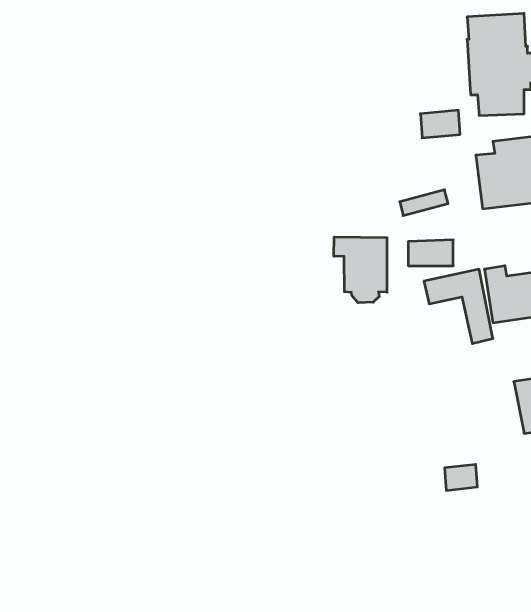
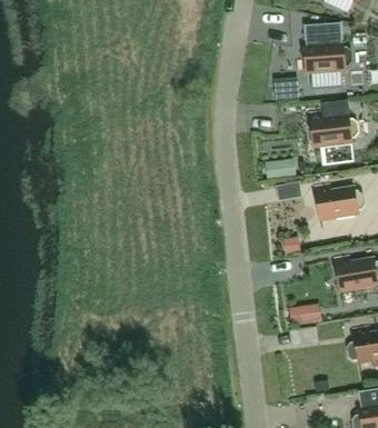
building: [334,237,387,303] -> none

